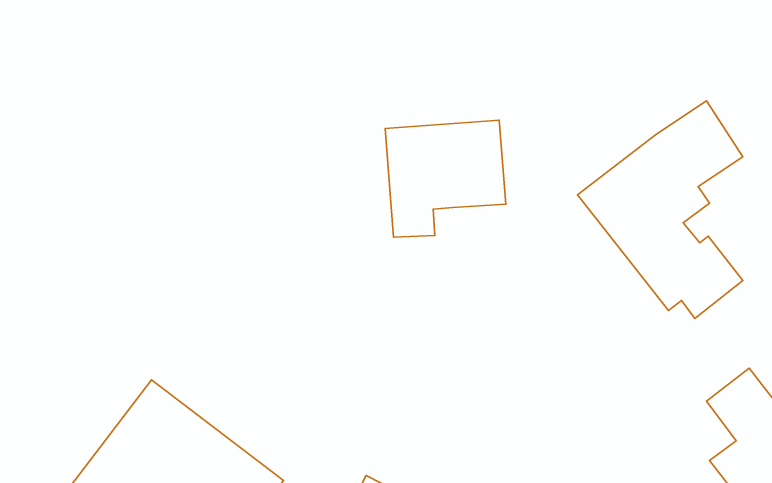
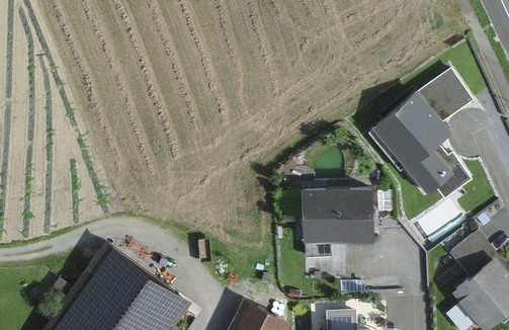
building: [385,120,506,237] -> [301,188,374,260]

